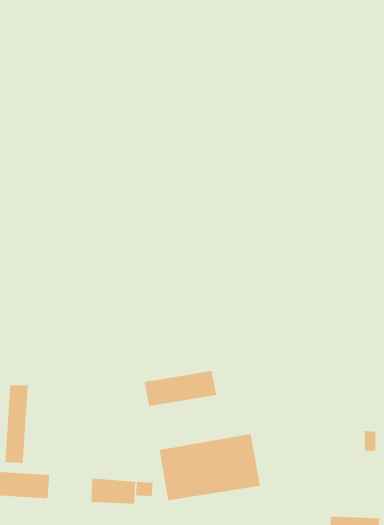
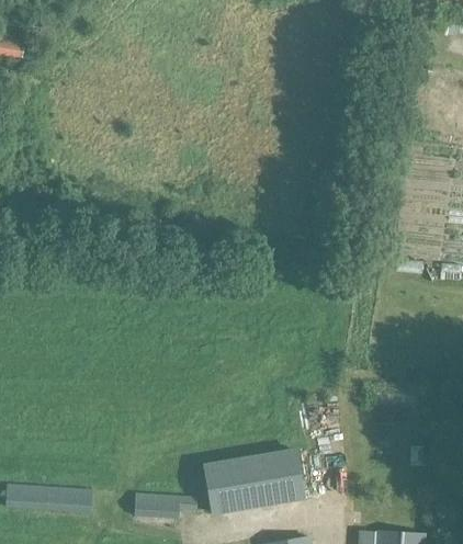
building: [144,370,217,407] -> none
building: [5,384,28,463] -> none

